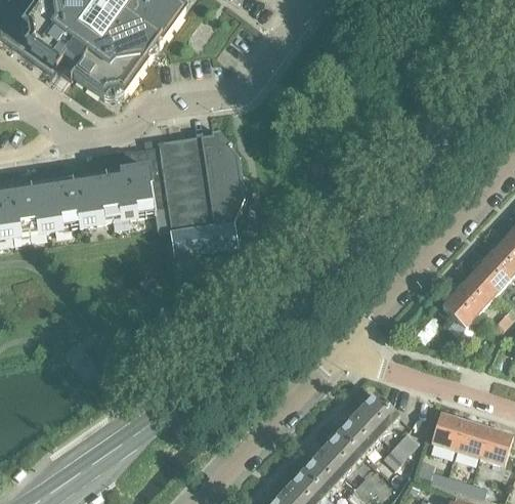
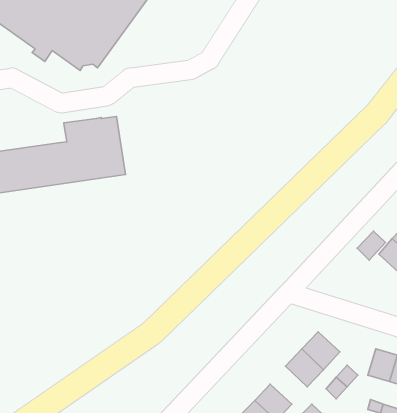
building: [144,131,244,259] -> none
building: none -> [357,231,386,260]
building: [318,432,360,475] -> none

